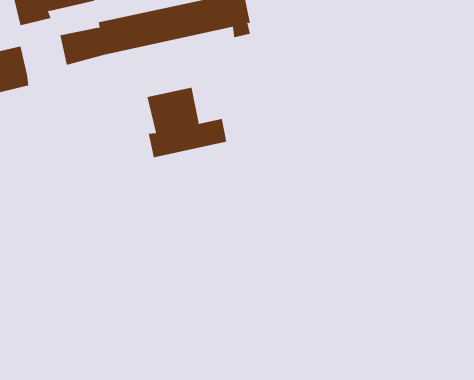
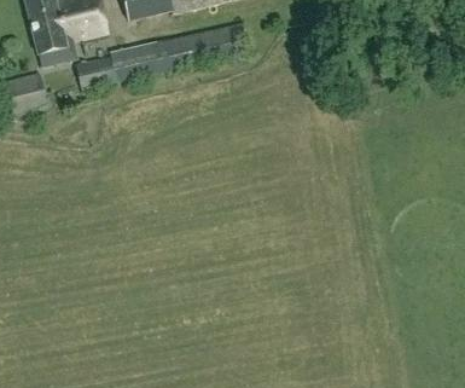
building: [147,87,227,158] -> none

